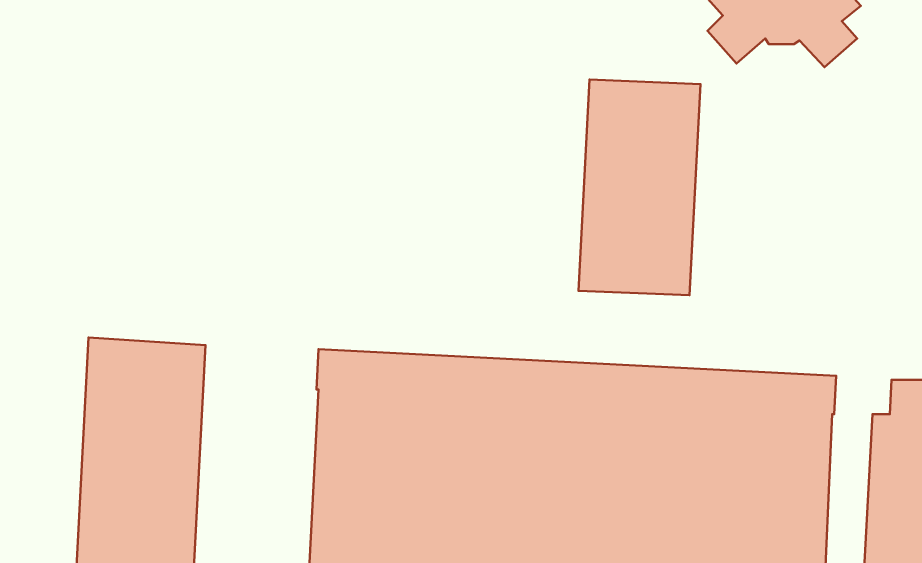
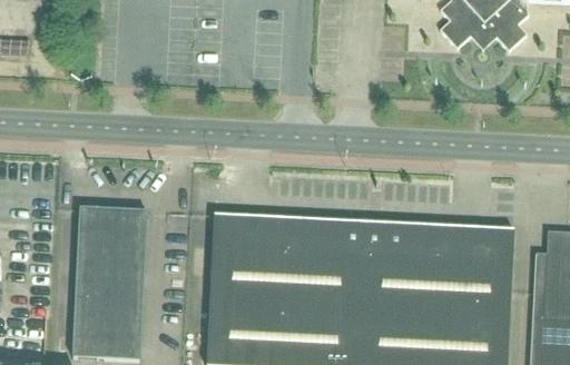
building: [578,80,701,295] -> none

